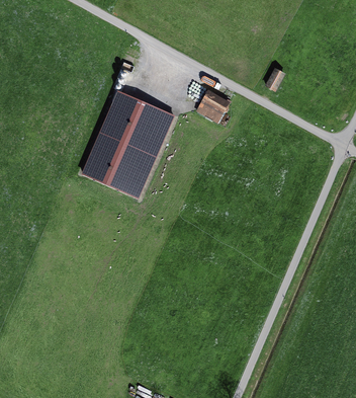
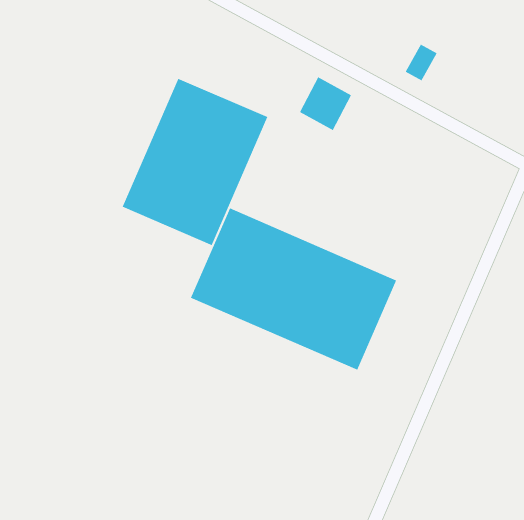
building: none -> [190,208,397,371]

